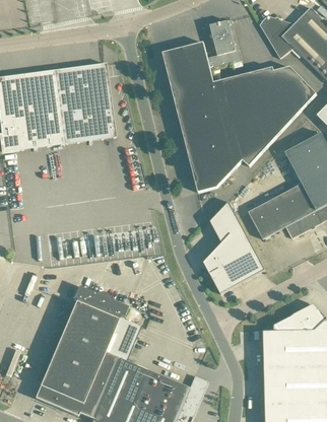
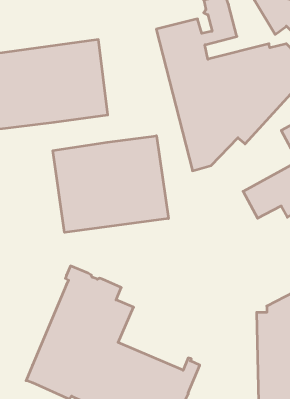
building: none -> [53,136,168,232]
building: [204,200,265,292] -> none

